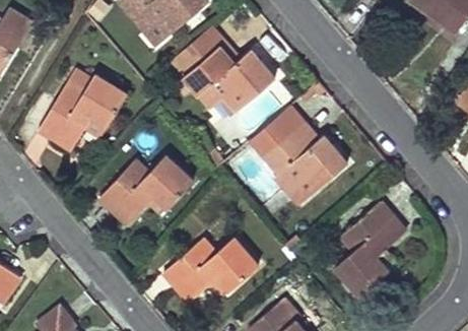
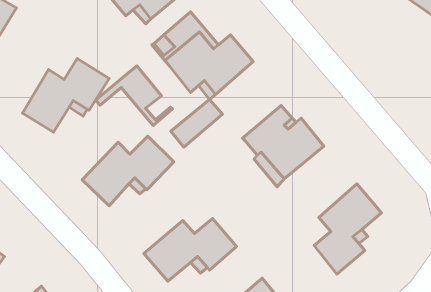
building: none -> [96,66,172,125]
building: [250,107,303,155] -> [171,99,222,147]

